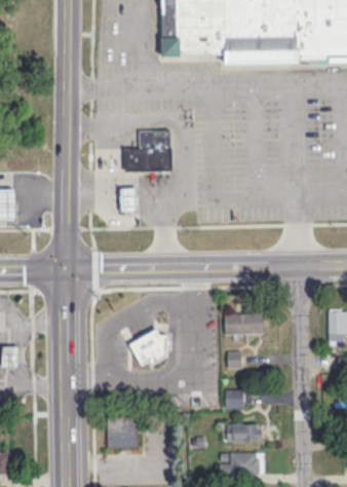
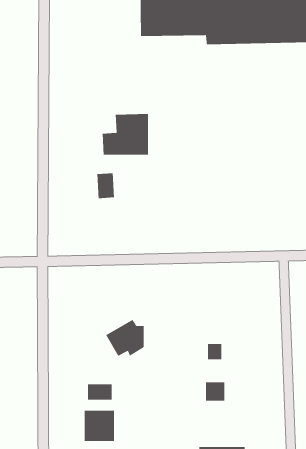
building: [224,313,263,335] -> none
building: none -> [87,383,113,400]
building: [226,424,261,442] -> none

